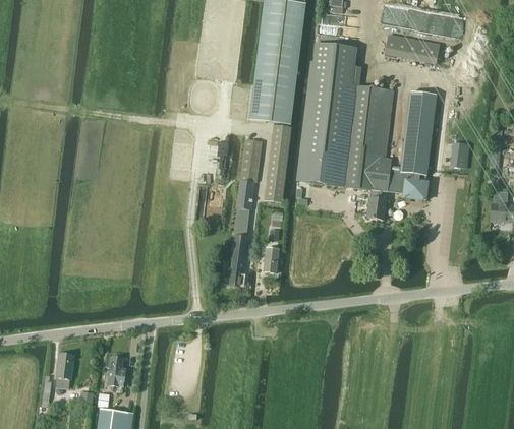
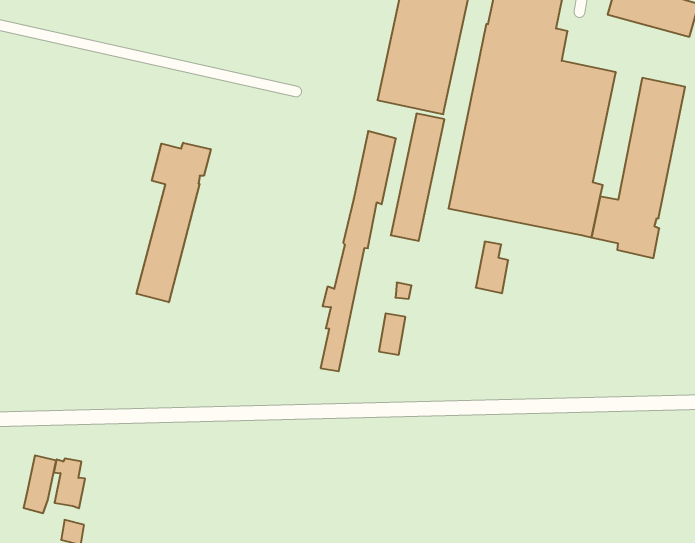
building: none -> [137,143,211,302]
building: [367,189,386,220] -> [476,242,508,293]
building: [106,357,125,386] -> [54,458,85,508]

